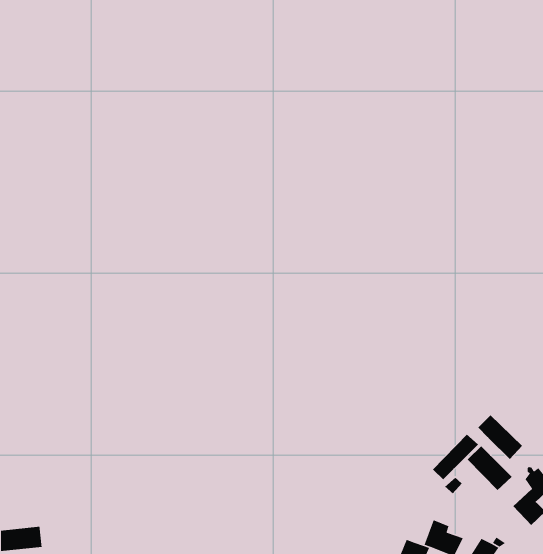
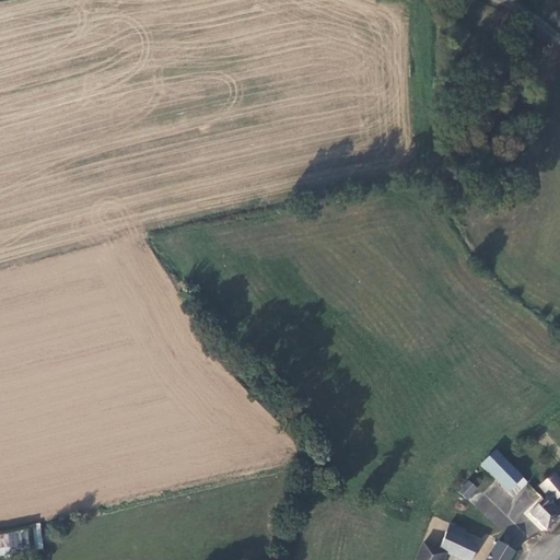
building: [478,415,523,460] -> none
building: [432,434,479,480] -> none

